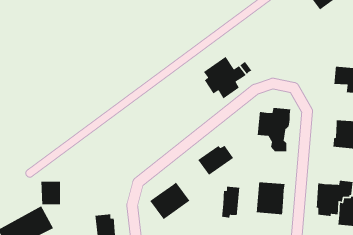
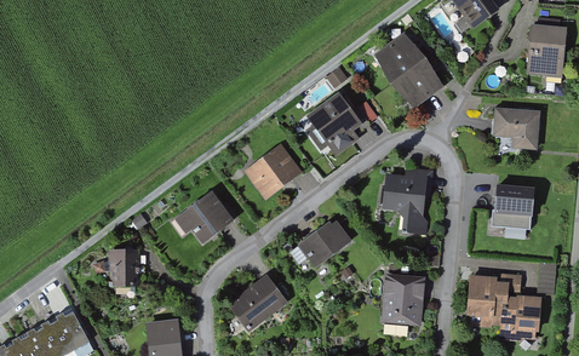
building: none -> [377,35,442,107]
building: none -> [245,144,300,197]
building: none -> [174,190,233,245]
building: [41,181,61,205] -> [109,248,138,283]
building: [221,186,240,219] -> none

